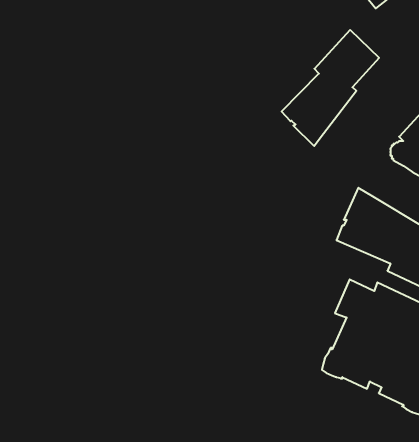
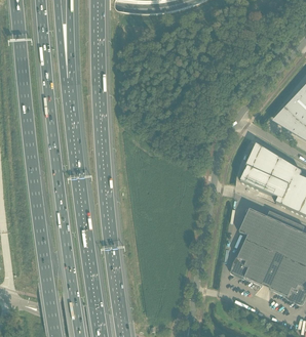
building: [282,30,379,146] -> none

